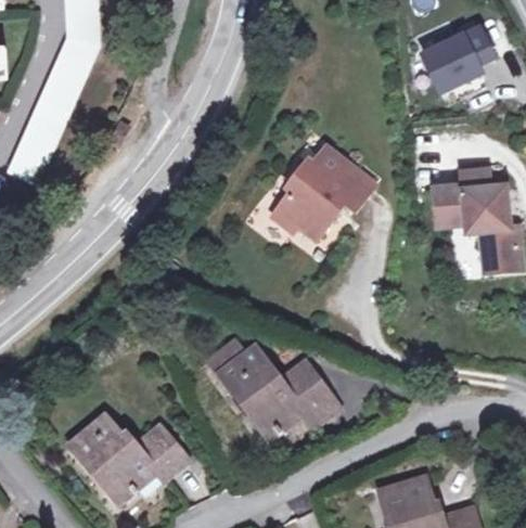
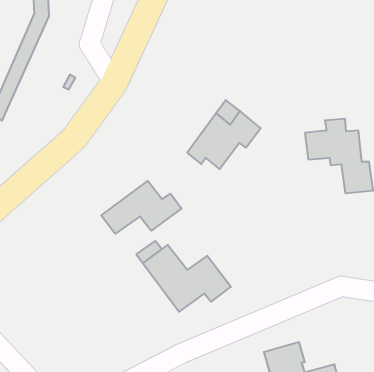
building: [424,27,495,92] -> none
building: none -> [101,181,182,234]
building: [70,413,185,498] -> none

